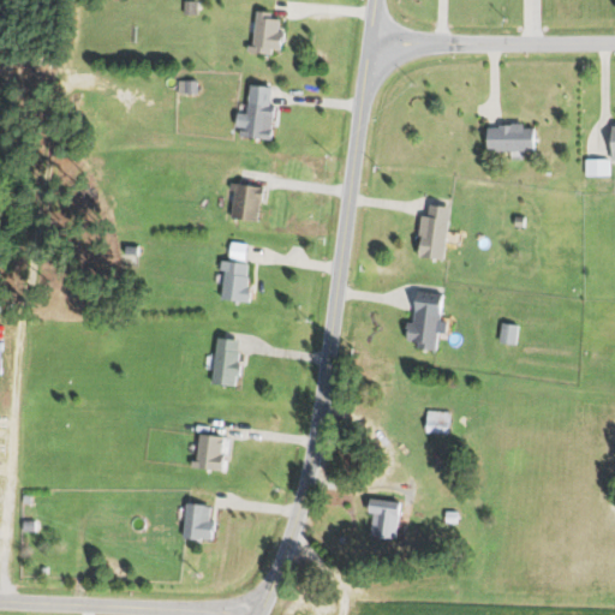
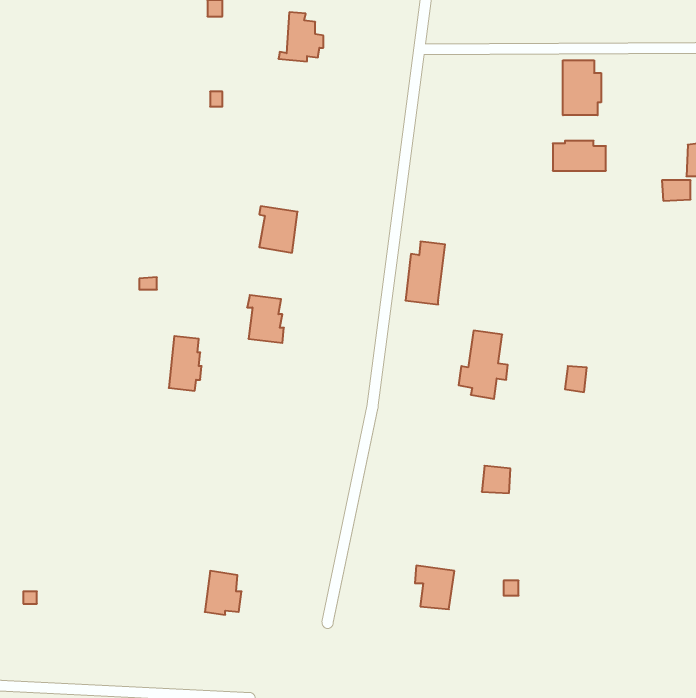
building: none -> [563,60,601,115]
building: [233,83,276,141] -> none
building: [416,204,450,259] -> [405,242,445,304]
building: [211,338,240,386] -> [169,336,202,391]
building: [190,435,225,471] -> none

